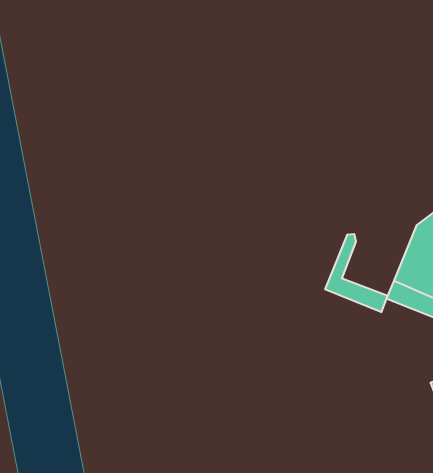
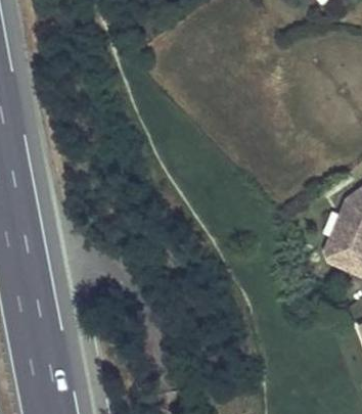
building: [325,234,387,312] -> none

